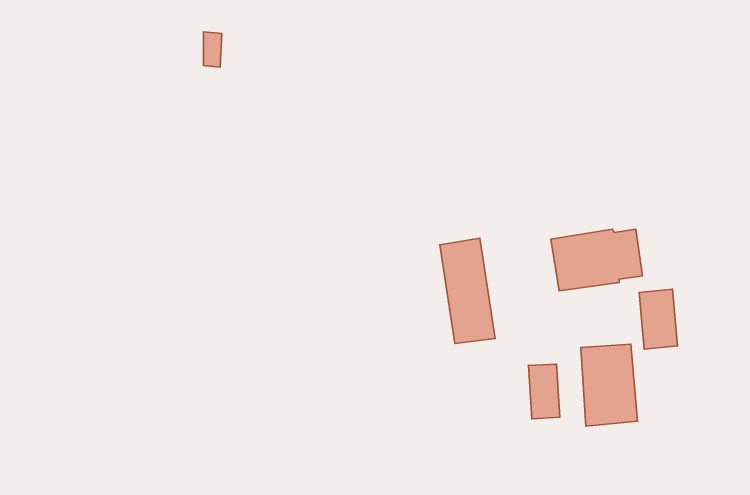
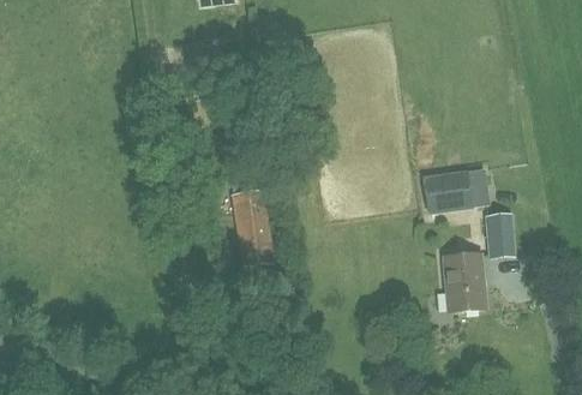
building: [440,238,495,343] -> [233,188,272,264]
building: [528,364,560,419] -> none

